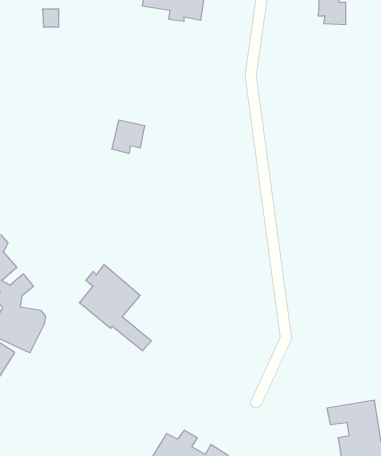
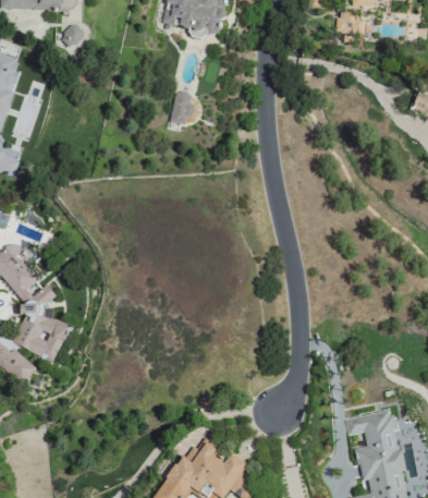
building: [112,120,145,153] -> [169,90,201,123]
building: [79,264,151,351] -> none

